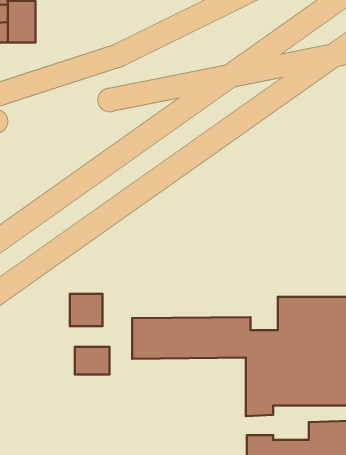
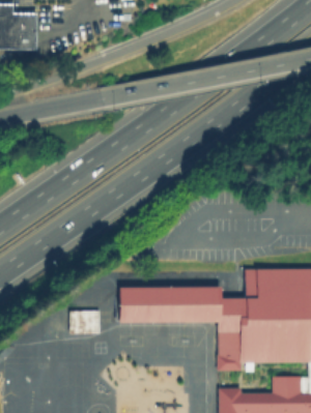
building: [70,294,103,326] -> none

